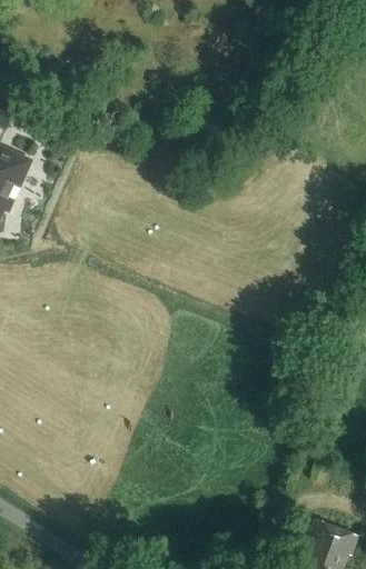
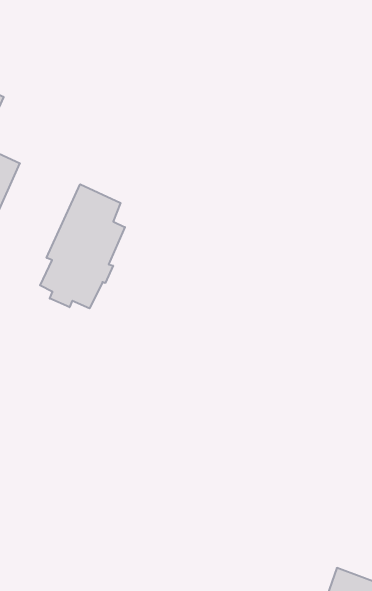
building: none -> [40,184,125,308]

